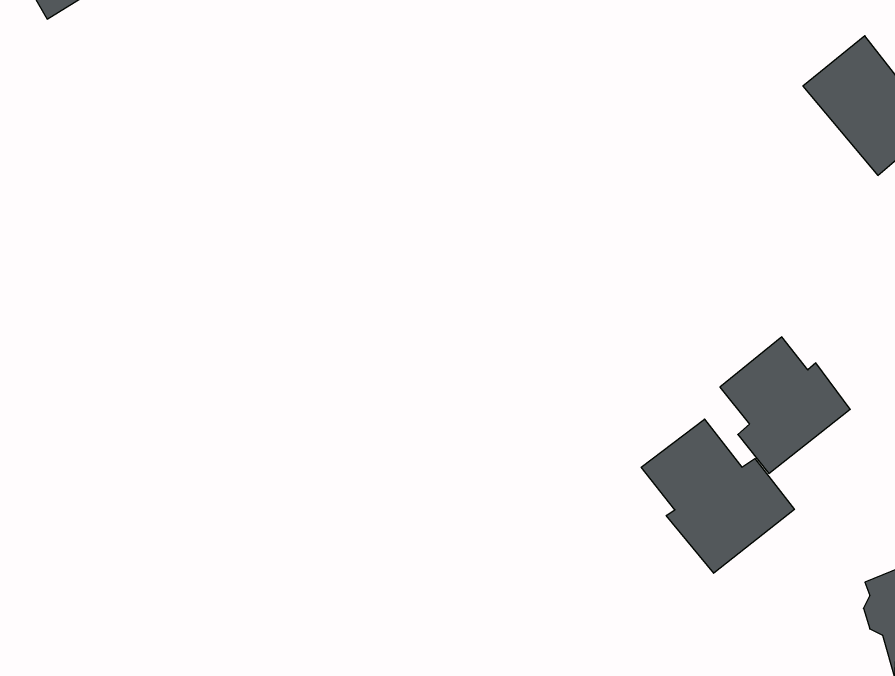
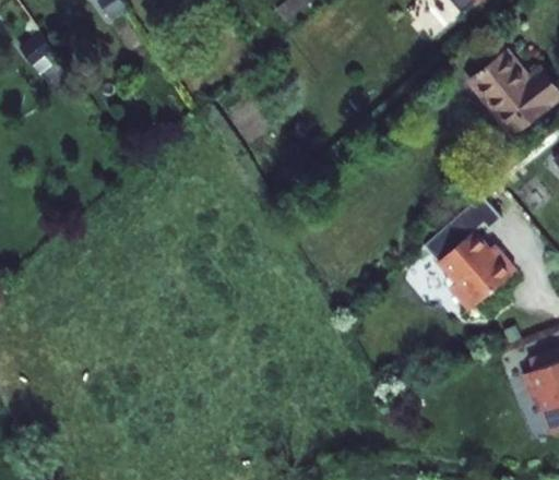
building: [641,419,794,573] -> none

